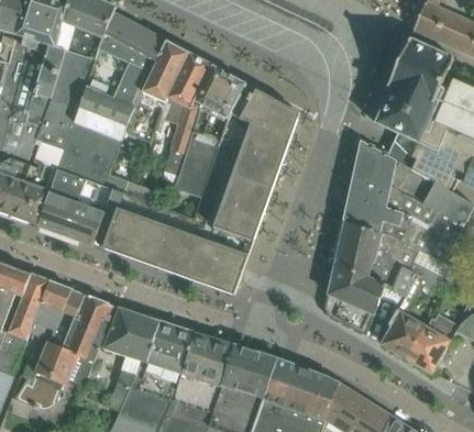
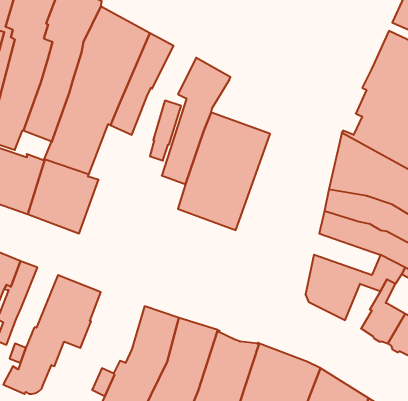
building: [167,53,212,108] -> none
building: [228,88,298,143] -> none
building: [92,190,253,295] -> none
building: [333,245,401,288] -> none
building: [27,280,70,342] -> none
building: [104,307,159,364] -> none

